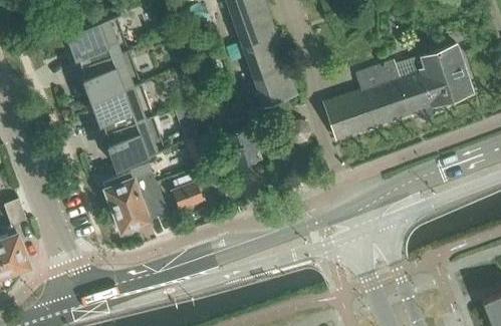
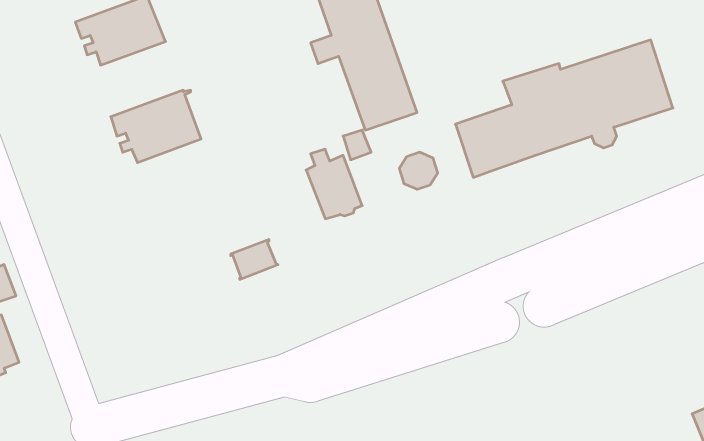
building: [77,47,139,98] -> none
building: [101,113,168,167] -> none
building: [101,164,165,233] -> none

